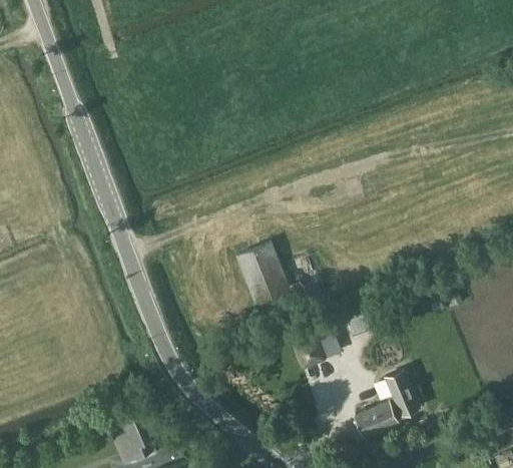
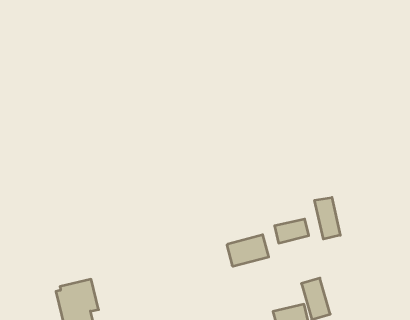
building: [235,243,291,305] -> none
building: none -> [315,197,340,239]

